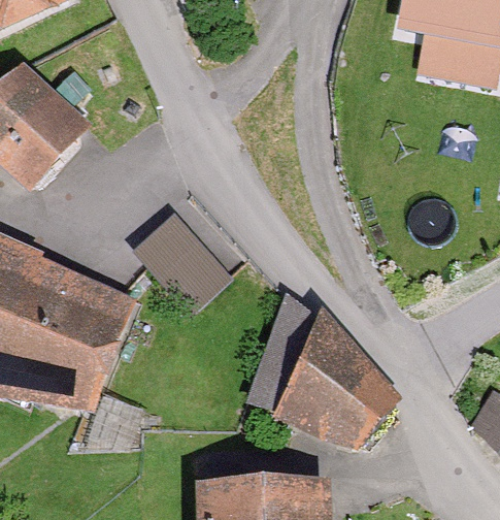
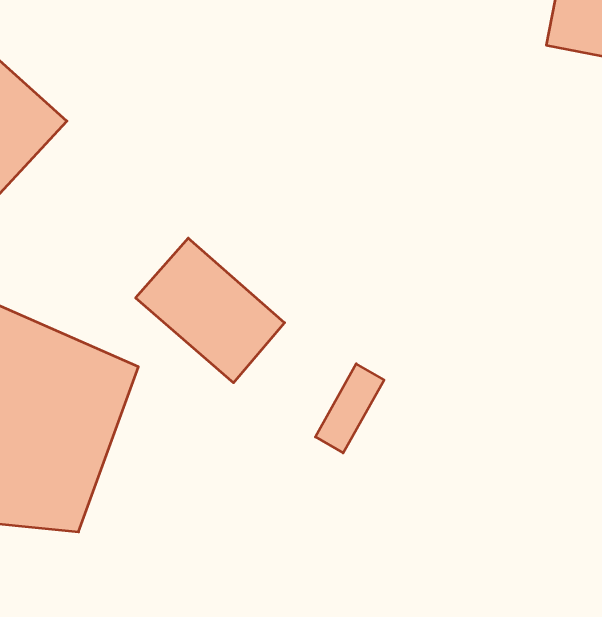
building: [268,313,402,459] -> none

